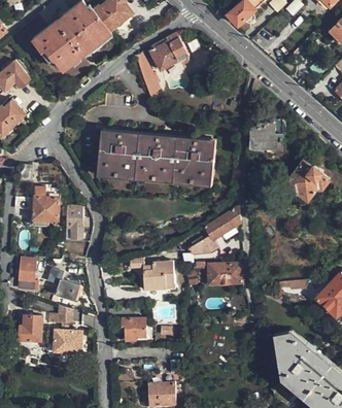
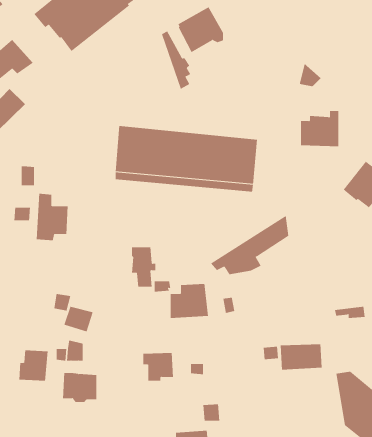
building: [66,206,87,239] -> [131,247,156,287]
building: [18,257,36,290] -> none
building: [207,263,242,284] -> [280,344,322,370]

